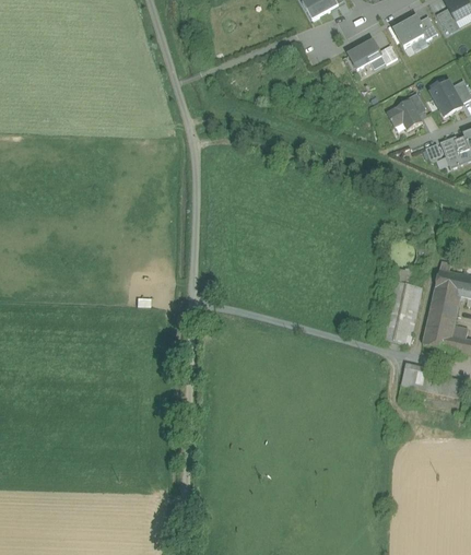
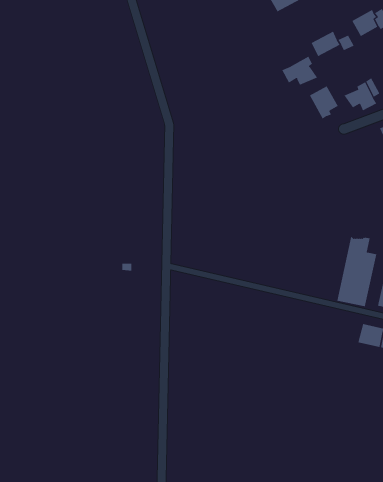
building: none -> [281,56,318,85]
building: none -> [309,85,338,119]

